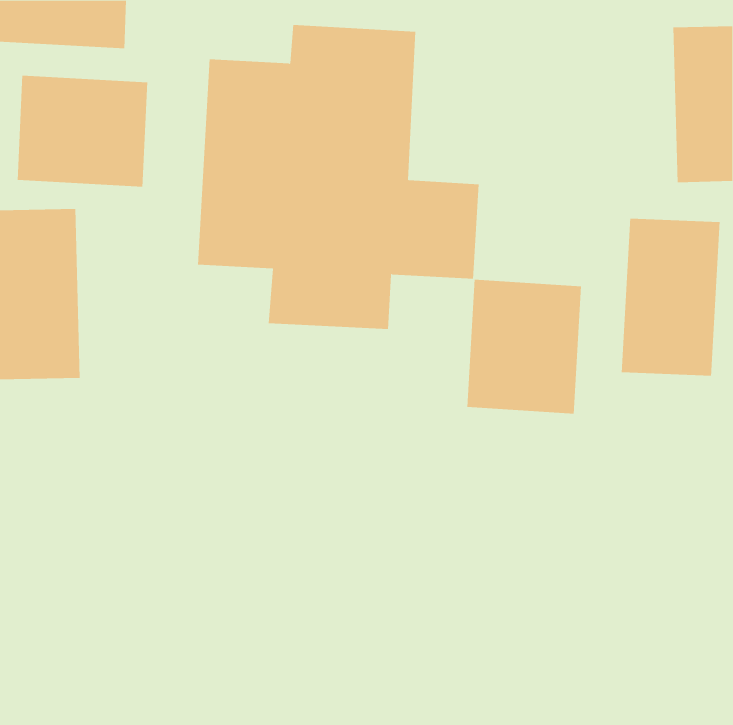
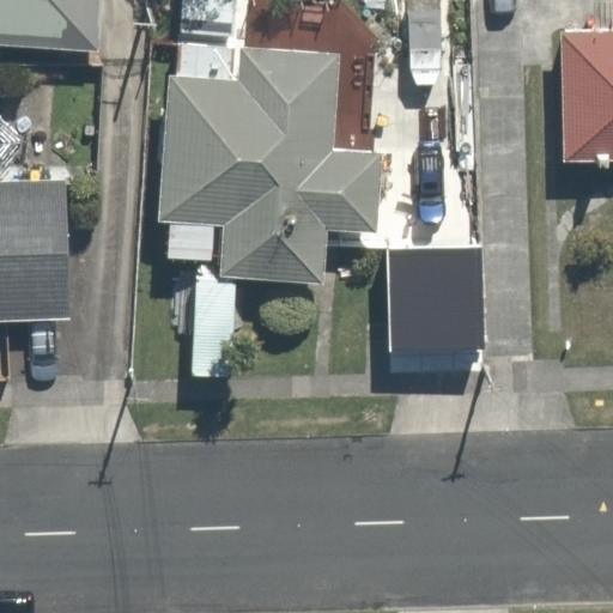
building: [17,75,148,187] -> none
building: [621,218,720,377] -> none

